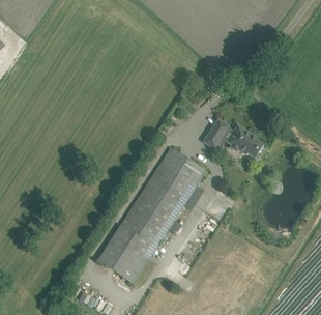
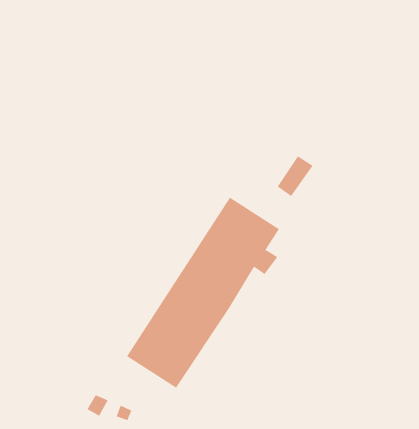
building: [226,124,262,156] -> none

